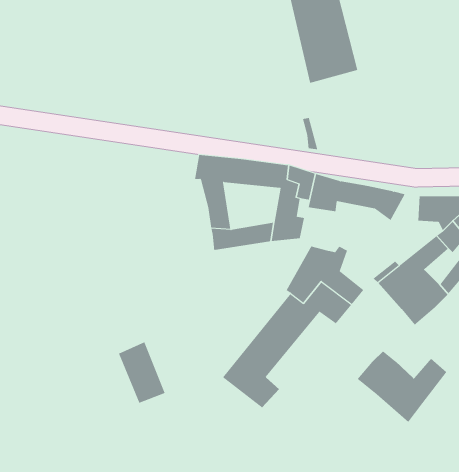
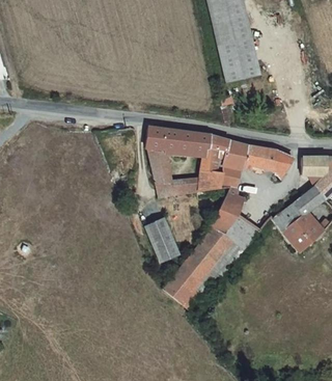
building: none -> [217,160,244,196]
building: [118,342,165,404] -> [143,215,176,258]
building: [357,350,447,423] -> none

